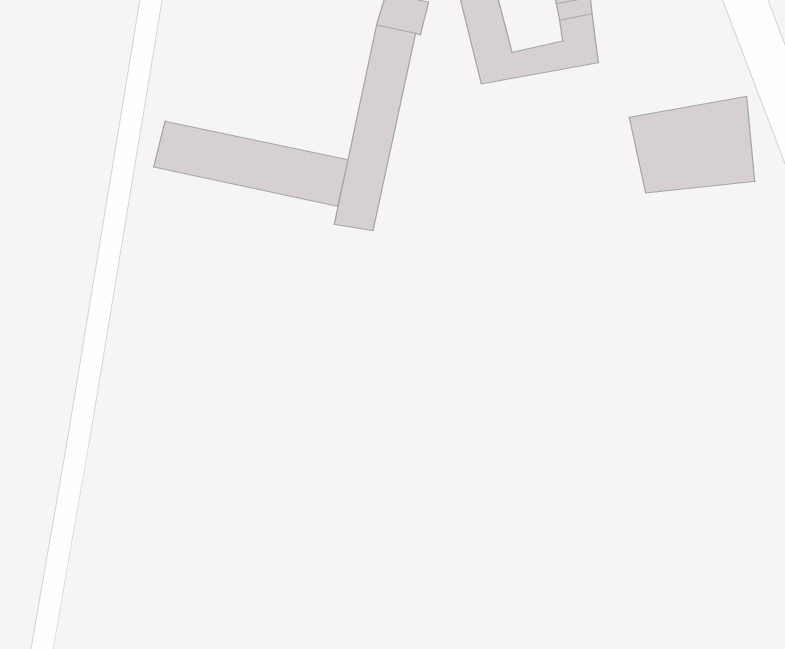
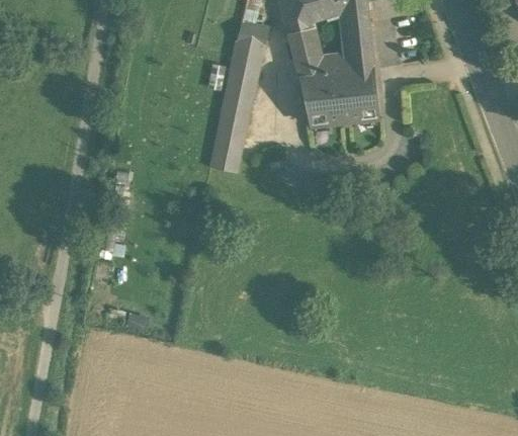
building: [629,96,755,193] -> [301,67,379,126]
building: [154,121,348,207] -> none

